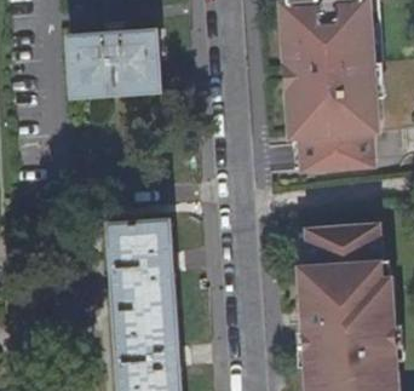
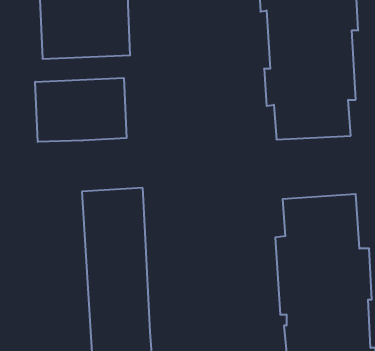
building: none -> [35,78,126,142]

